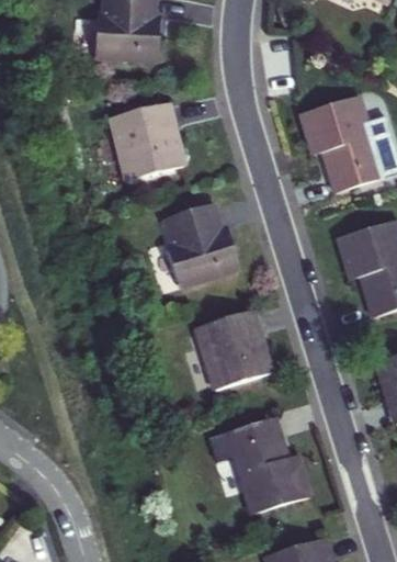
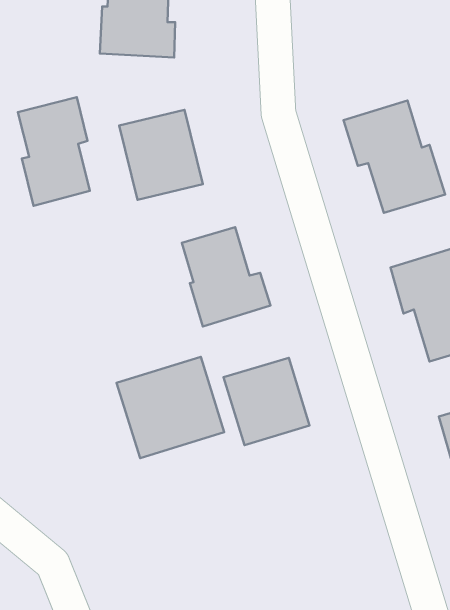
building: none -> [18,97,90,206]
building: none -> [116,357,224,458]
building: [228,416,310,510] -> none

